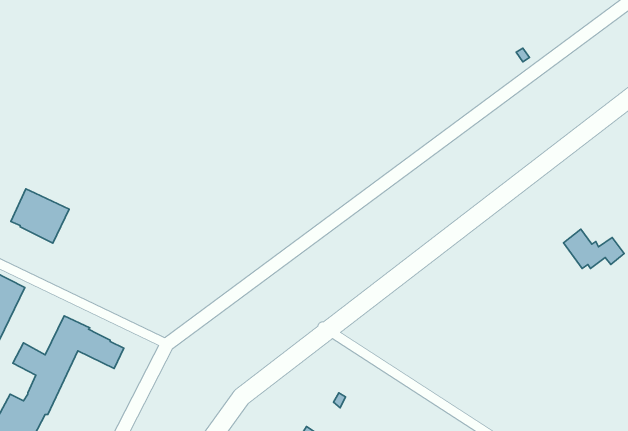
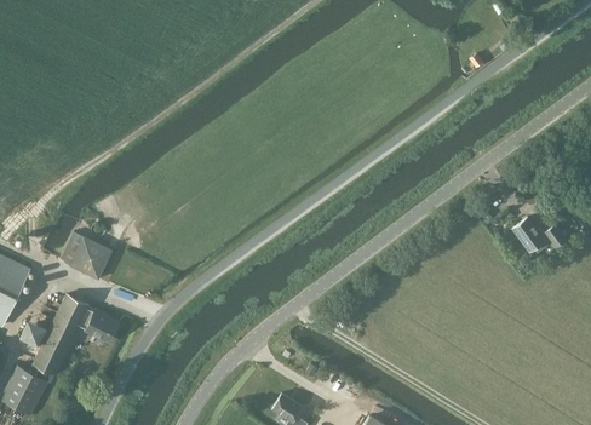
building: [11,189,69,243] -> [61,231,113,280]

